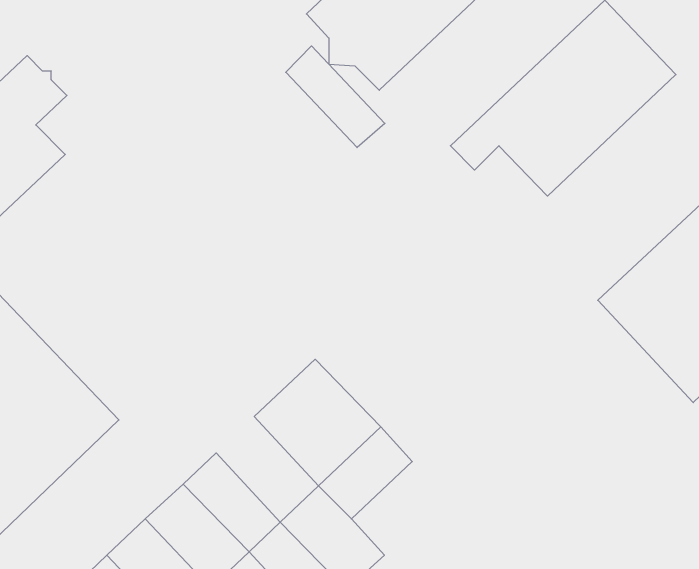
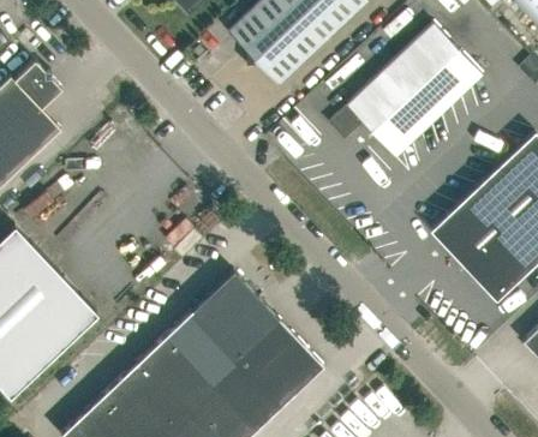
building: [286,46,385,148] -> none
building: none -> [166,311,237,384]
building: none -> [259,342,324,407]

